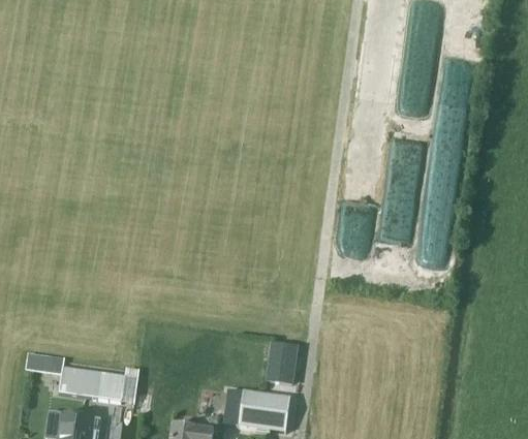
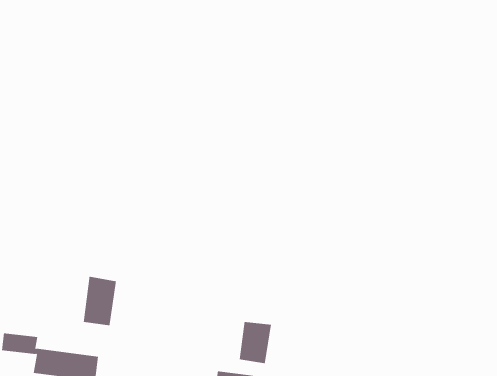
building: none -> [83,276,116,326]

